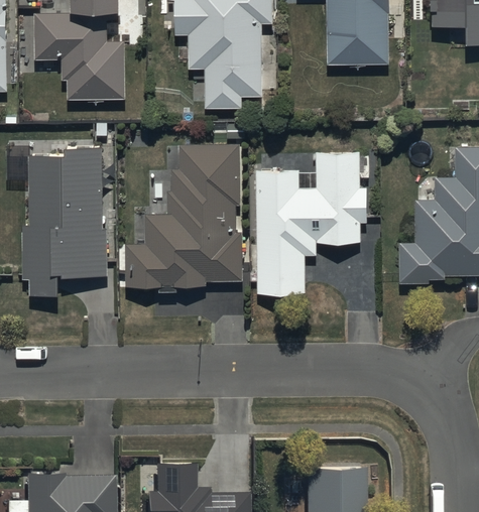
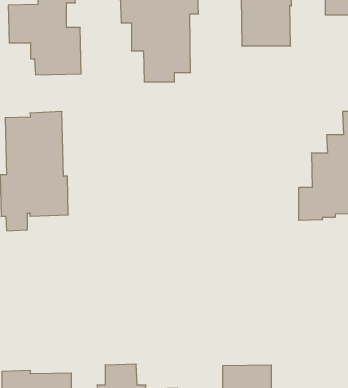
building: [125,142,242,289] -> none
building: [254,149,366,293] -> none

